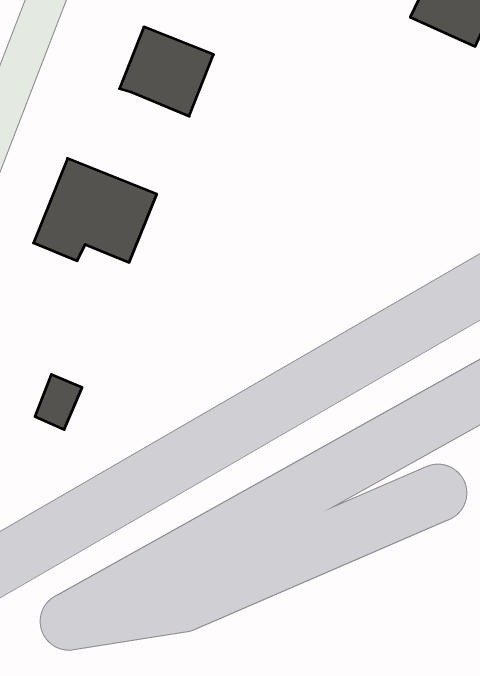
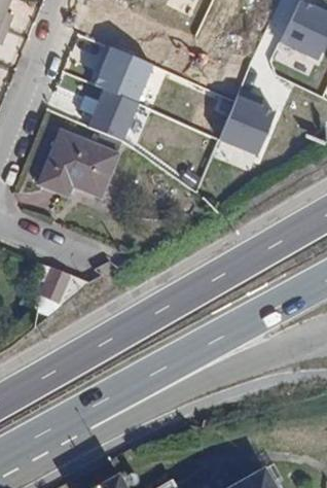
building: none -> [86,88,138,141]
building: none -> [217,93,275,154]

